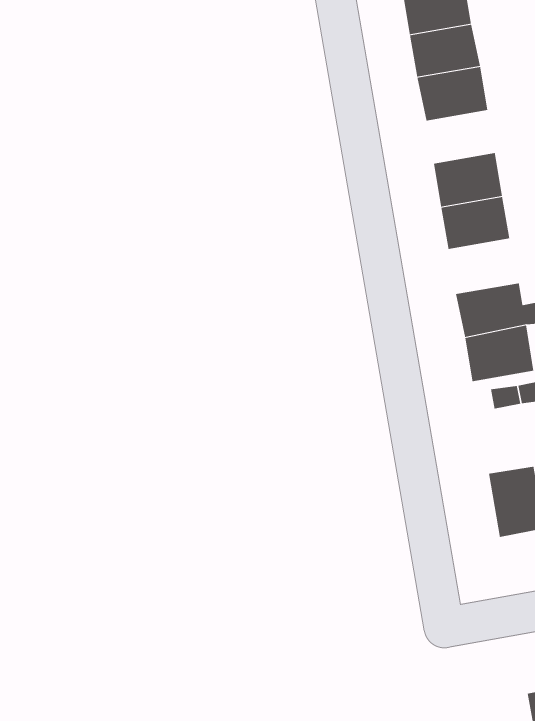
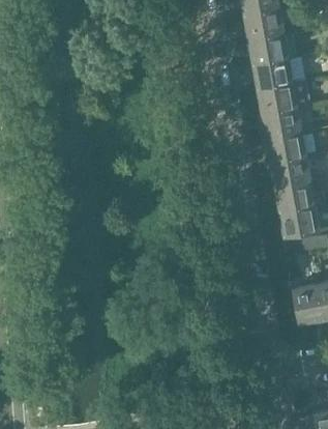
building: none -> [258,81,309,113]
building: none -> [270,155,310,187]

